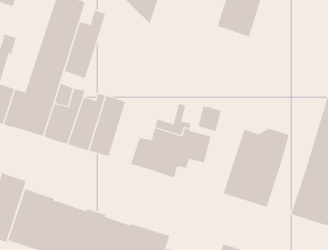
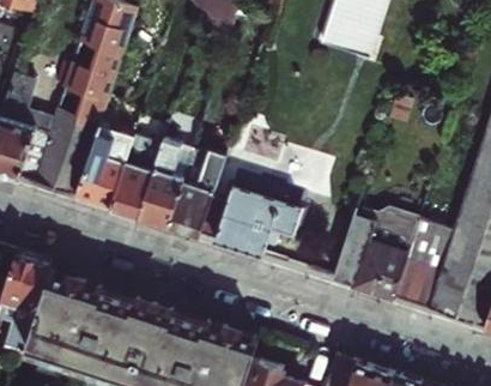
building: [64,10,106,79] -> [170,140,230,239]
building: none -> [396,227,454,310]

